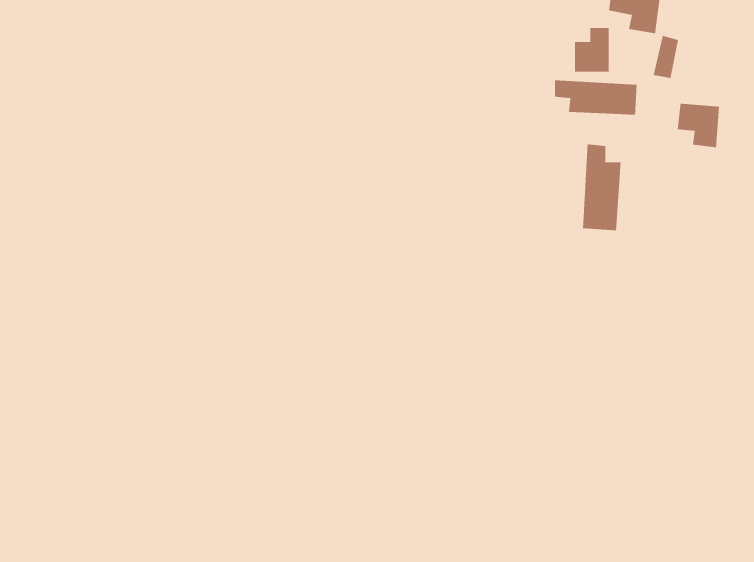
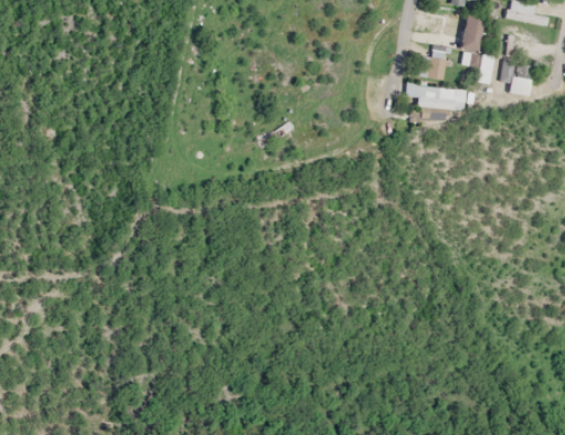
building: [677,103,720,148] -> [502,63,533,95]
building: [582,144,621,231] -> none

